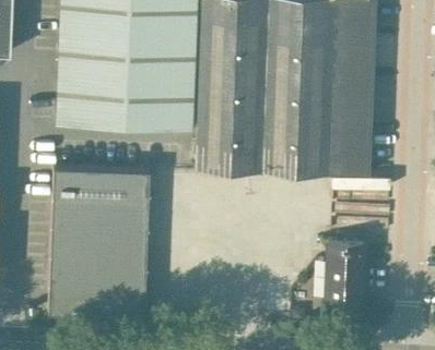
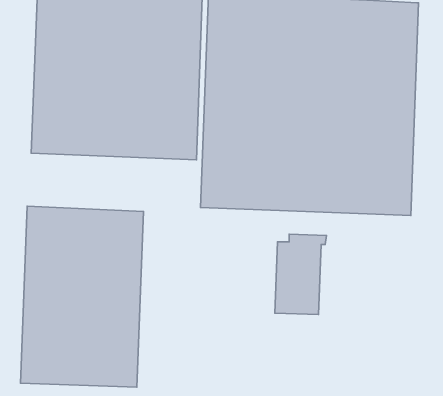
building: [325,239,367,305] -> [275,234,326,315]

